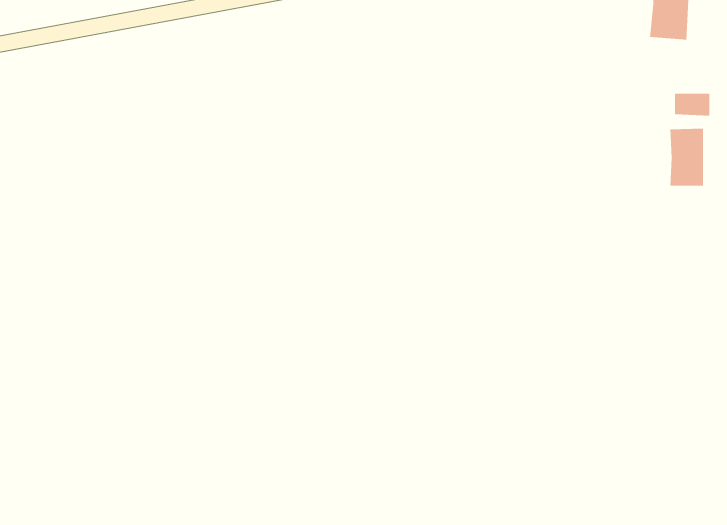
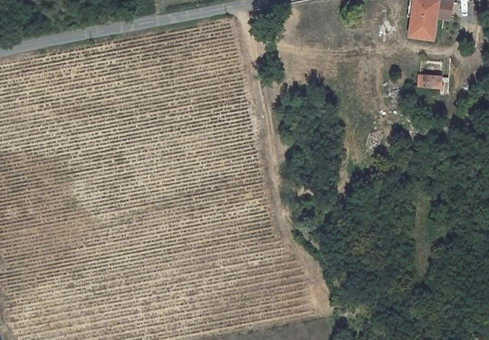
building: [670,128,703,187] -> none

